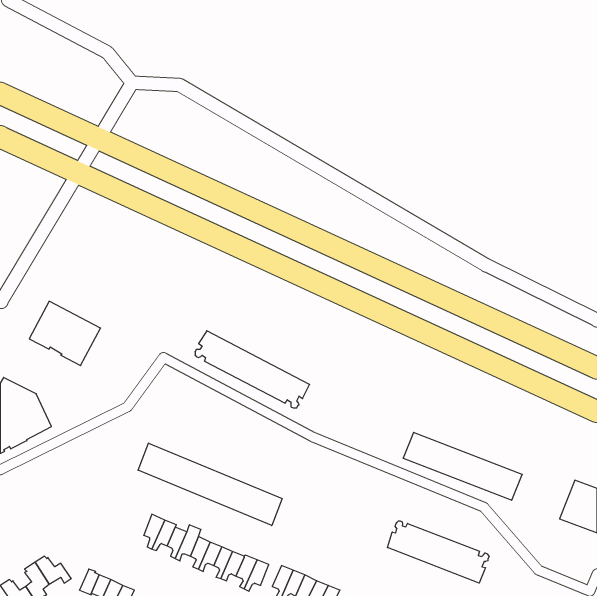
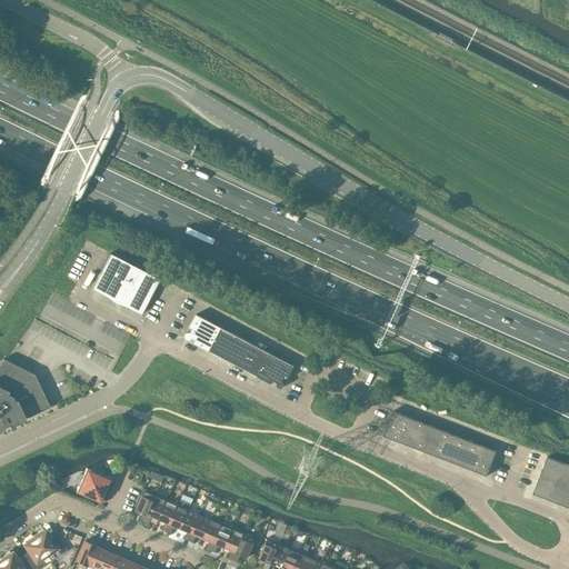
building: [29,301,101,366] -> [91,254,159,316]
building: [138,443,282,526] -> none
building: none -> [76,468,111,505]
building: [387,521,489,583] -> none

